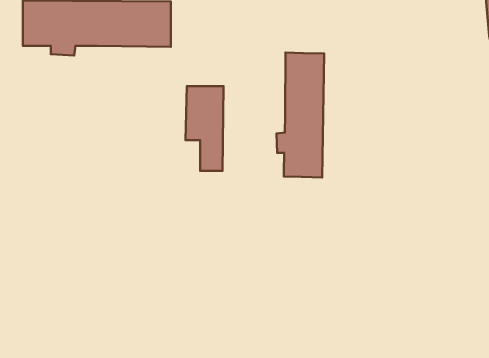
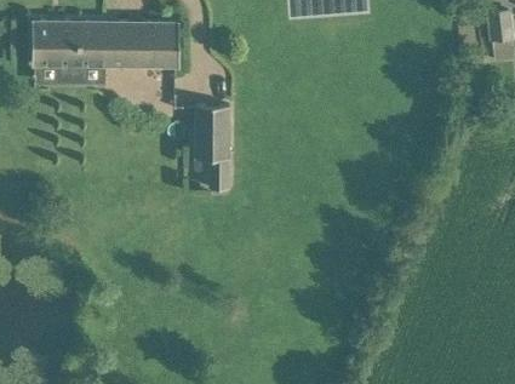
building: [276,53,324,177] -> none

